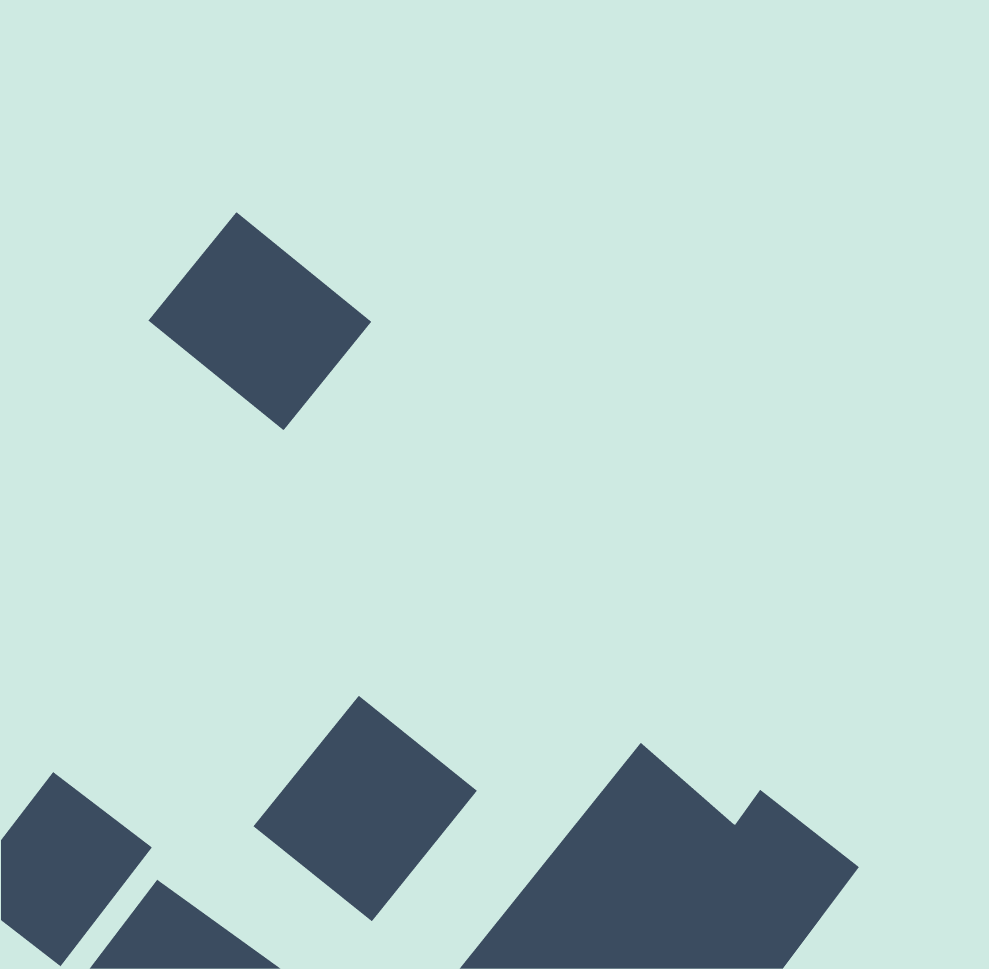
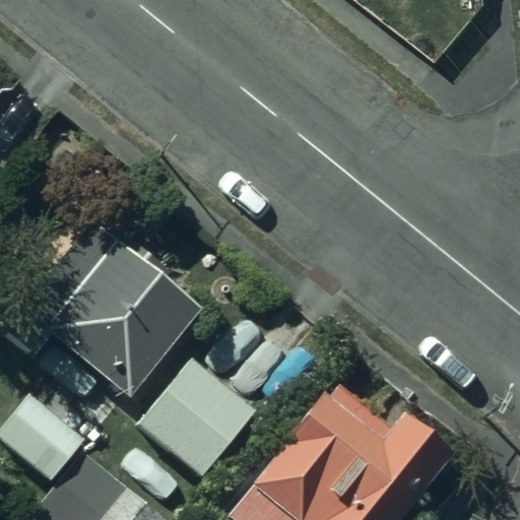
building: [148,211,372,431] -> none
building: none -> [10,234,201,398]

